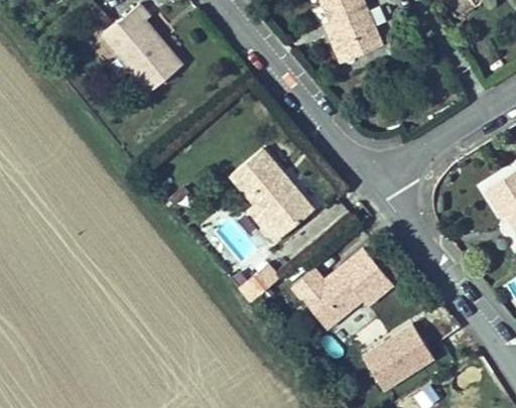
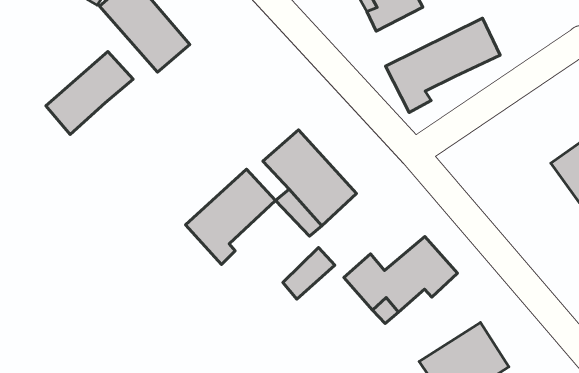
building: none -> [385,18,500,112]
building: none -> [46,51,133,135]
building: none -> [185,169,276,264]

